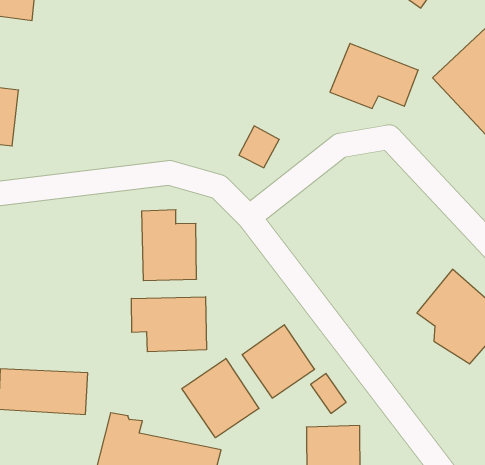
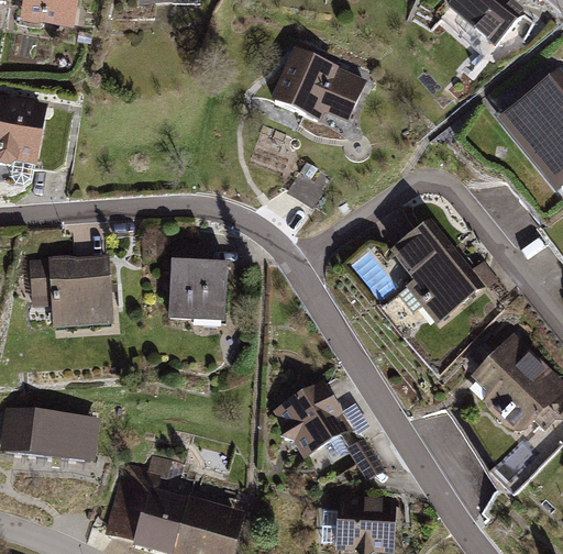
building: [330,43,418,108] -> [266,46,364,119]
building: none -> [393,221,499,330]
building: none -> [31,255,115,331]
building: [131,297,206,352] -> none
building: [182,358,259,438] -> none

